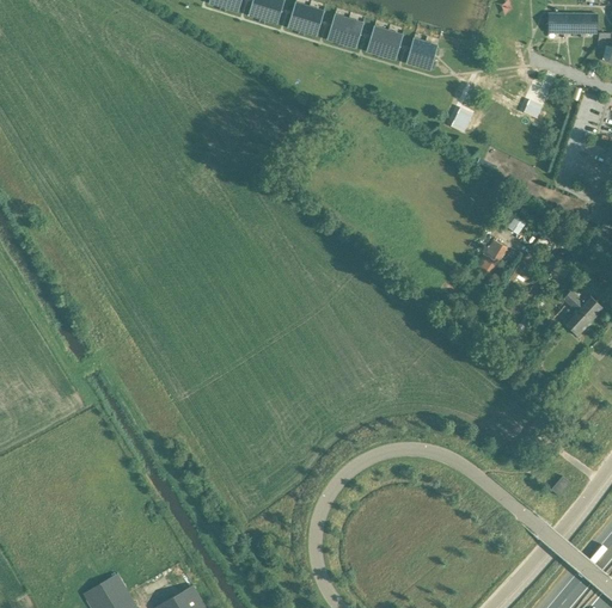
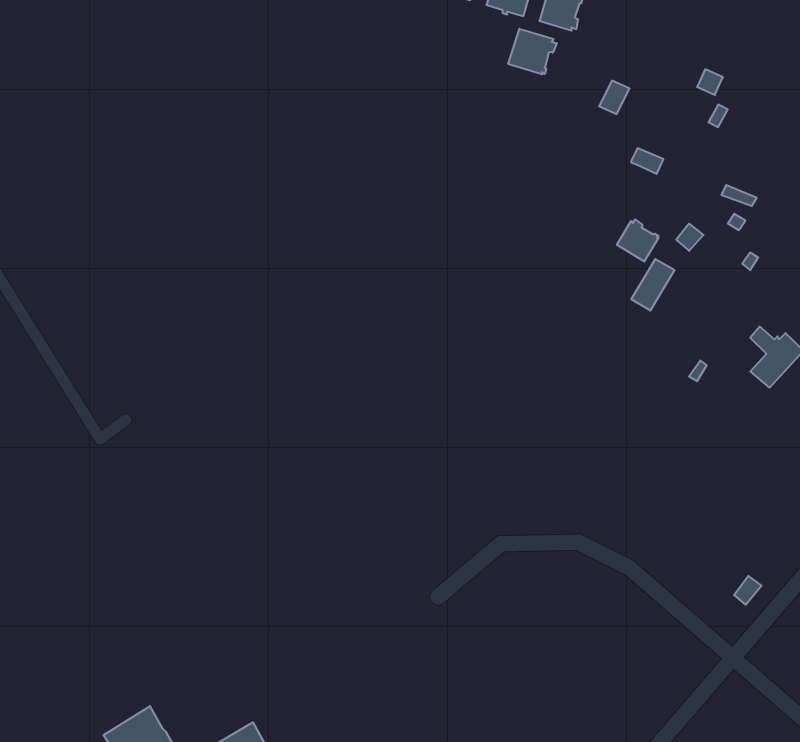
building: none -> [508,29,557,74]
building: none -> [617,219,659,262]

